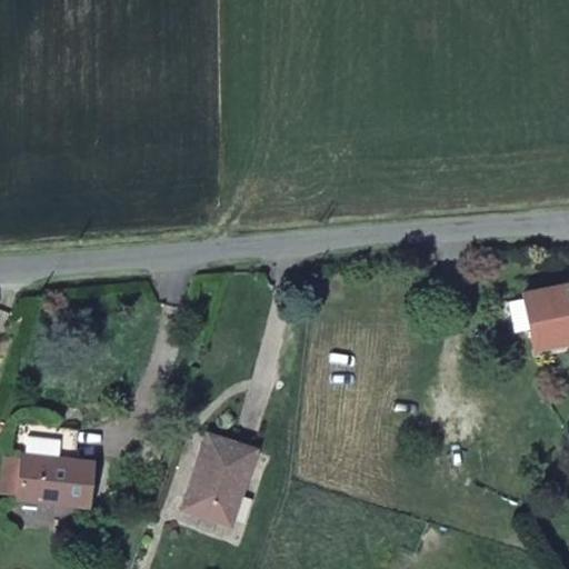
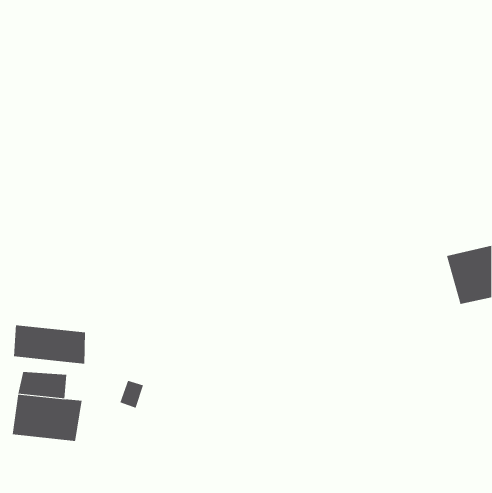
building: none -> [14,324,85,365]
building: [186,440,257,527] -> none

